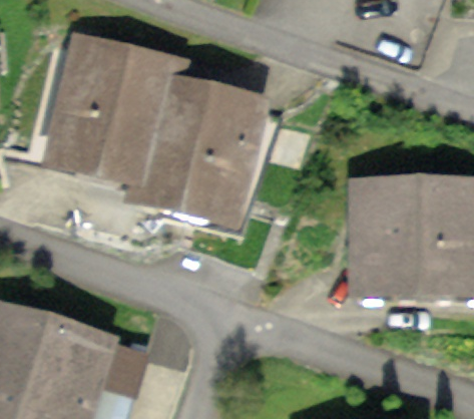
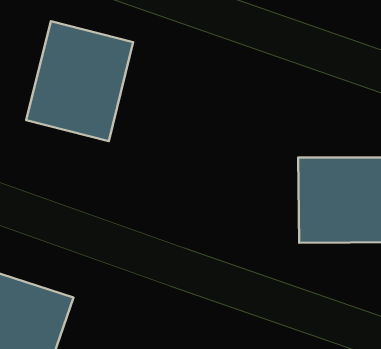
building: [143,77,264,218] -> none

